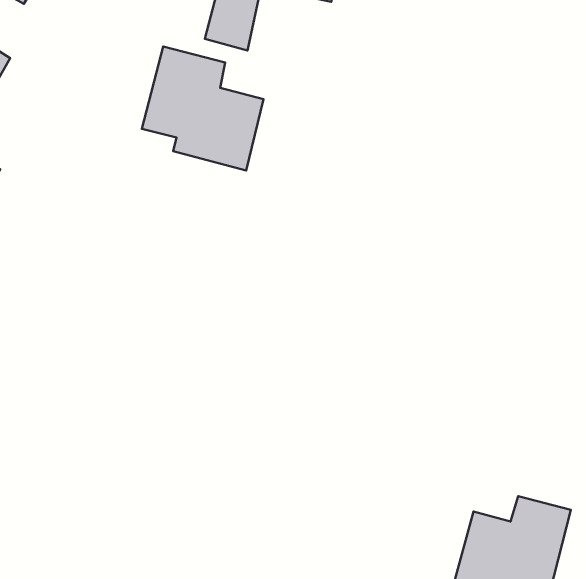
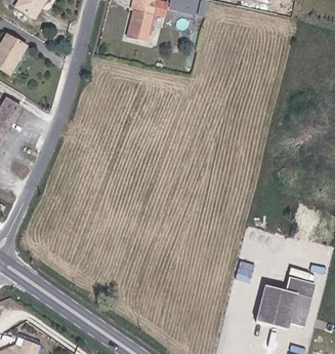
building: [142,47,264,170] -> none

